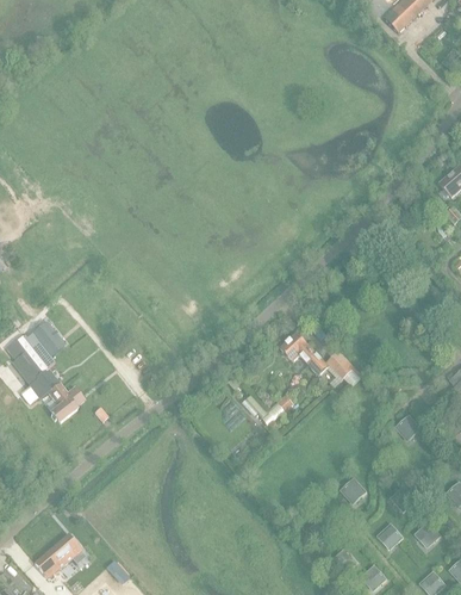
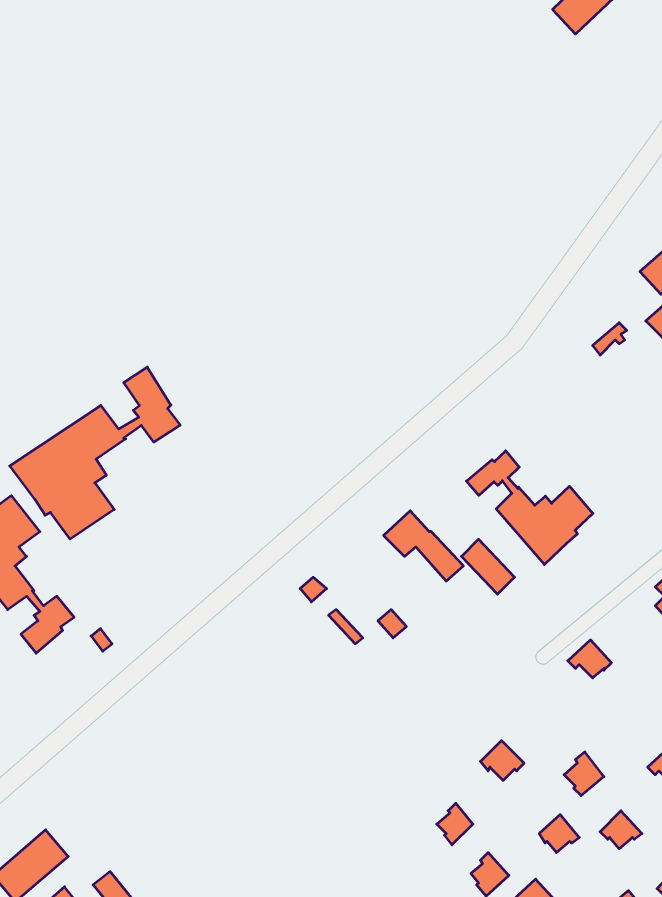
building: none -> [10,367,180,539]
building: none -> [466,451,593,565]

